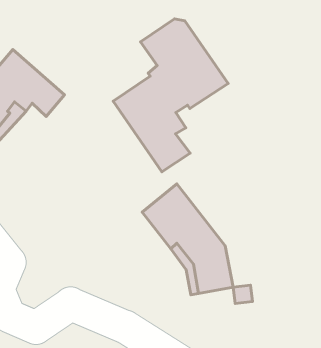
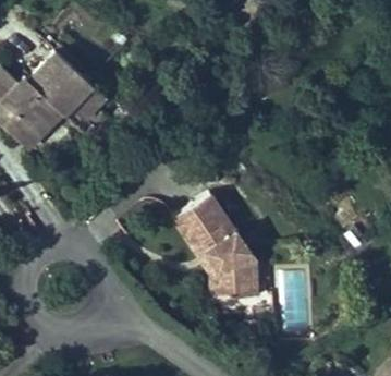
building: [113,19,228,172] -> none

